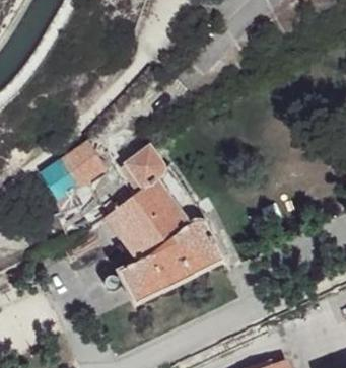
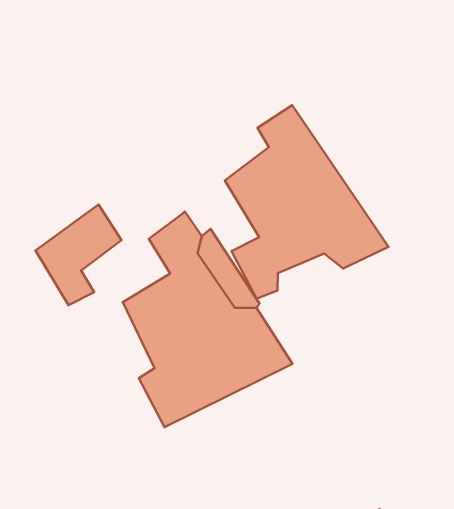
building: none -> [225,105,388,299]

